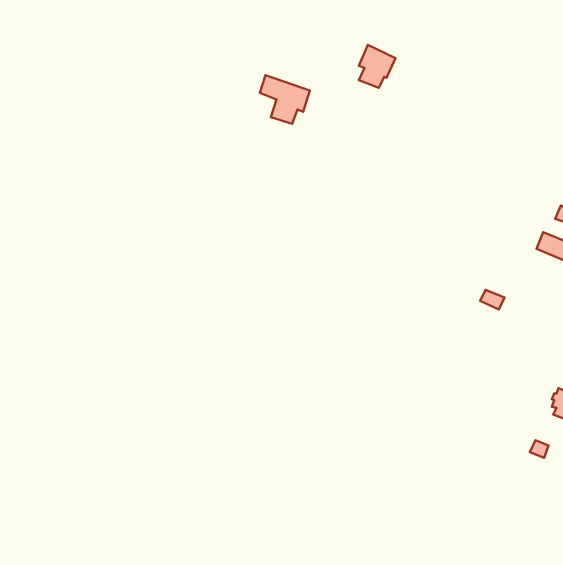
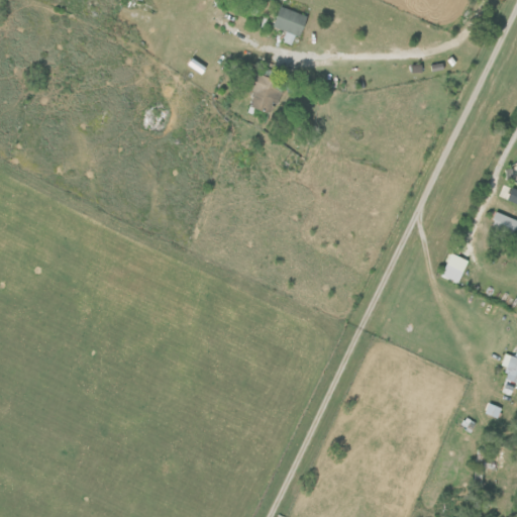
building: [359,45,395,88] -> [275,6,308,45]

